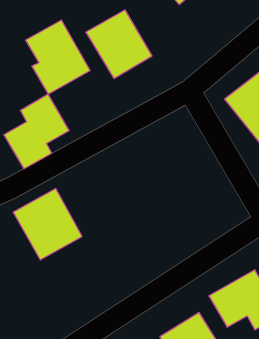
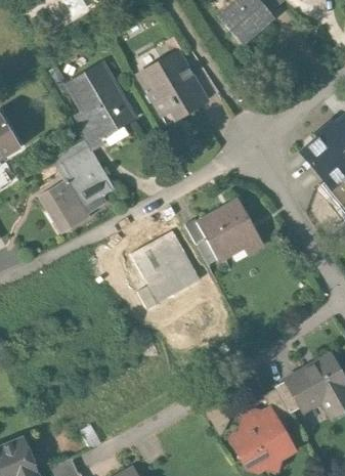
building: none -> [195,196,264,269]
building: [13,189,82,260] -> [125,224,206,308]

